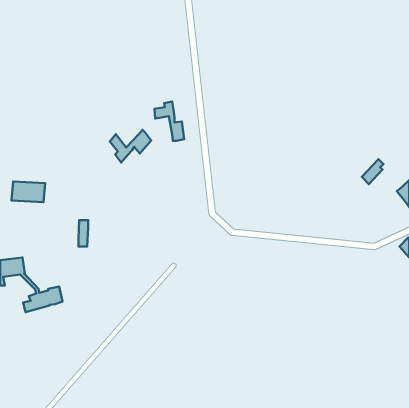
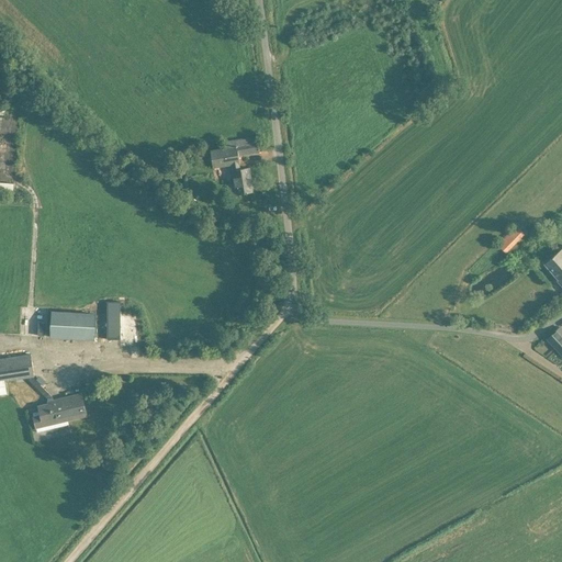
building: [110,130,151,162] -> none
building: [12,181,45,202] -> [44,312,90,340]

